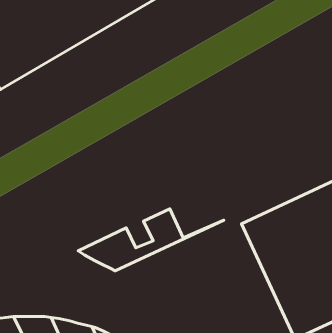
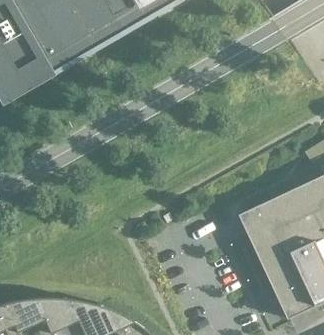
building: [78,209,224,271] -> none

